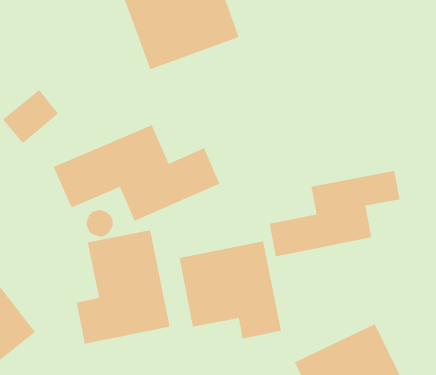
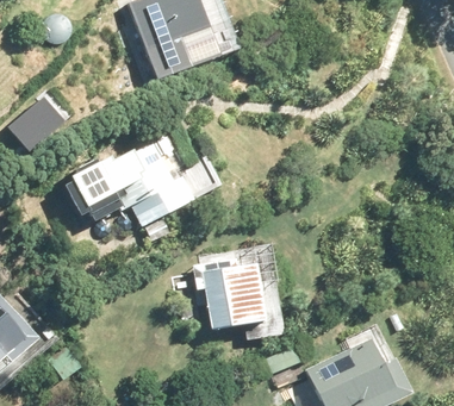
building: [269,170,400,257] -> none
building: [76,229,170,345] -> none

